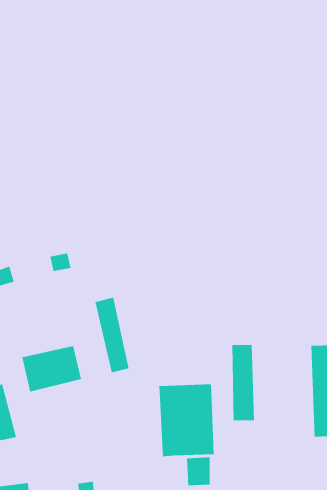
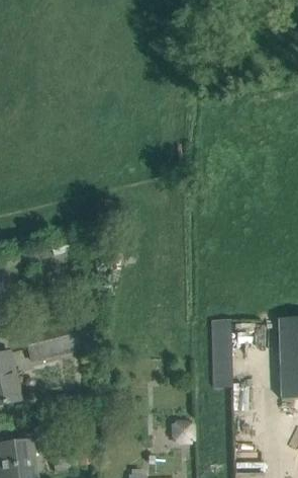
building: [95,297,129,373] -> none
building: [159,383,214,457] -> none

